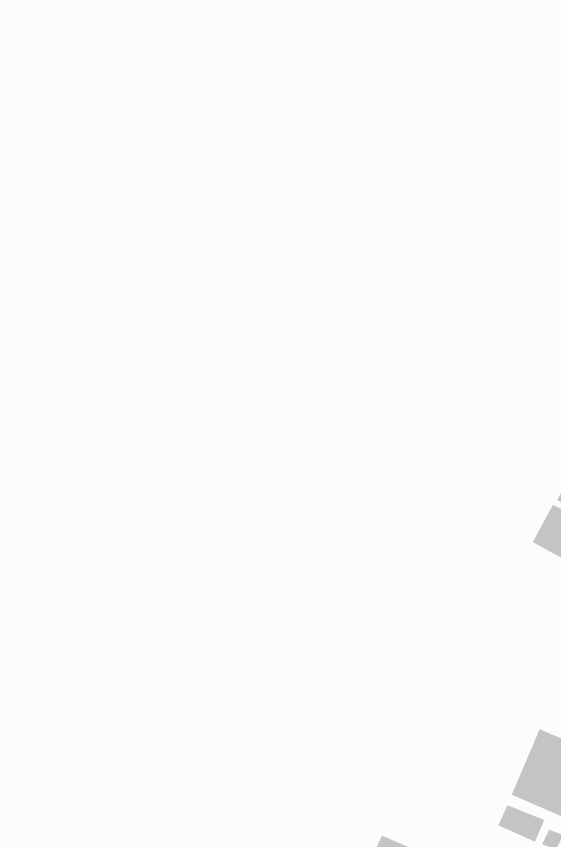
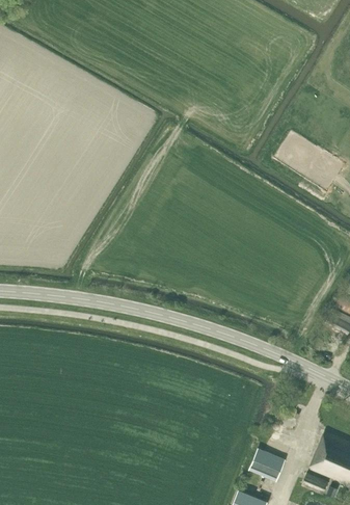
building: none -> [249,448,284,480]

